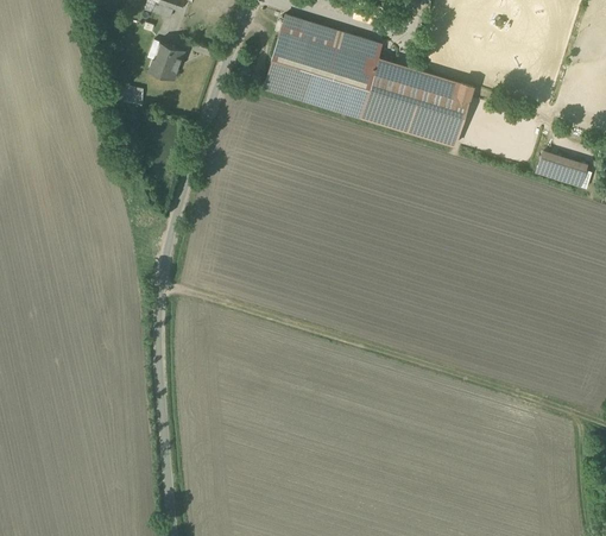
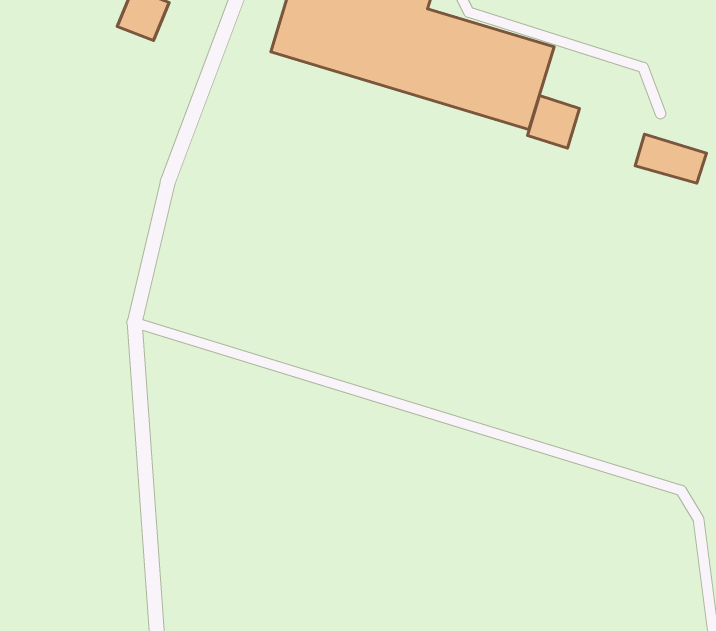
building: none -> [528,96,579,148]

